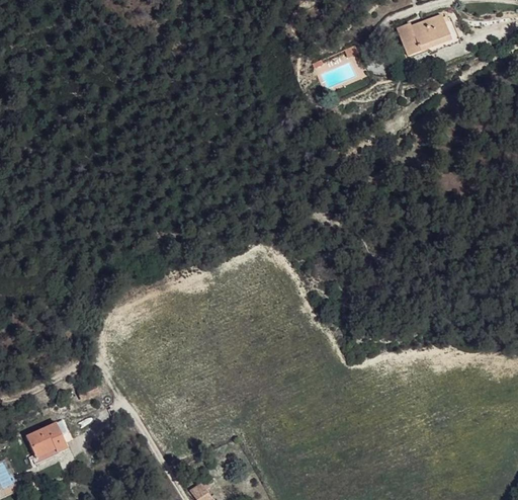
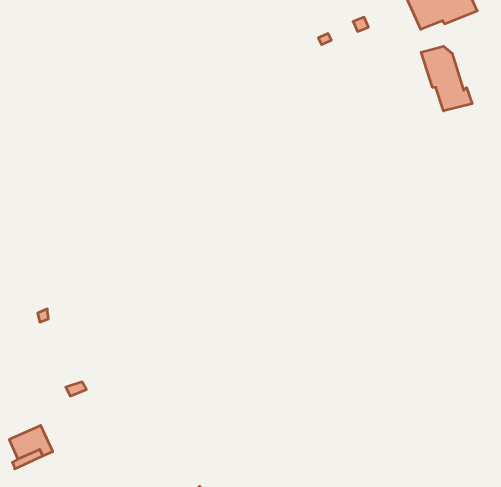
building: none -> [421,46,472,111]

